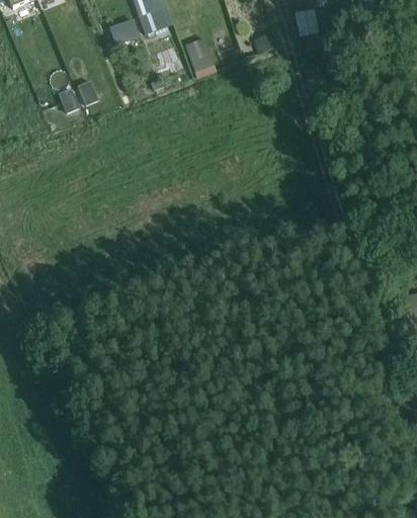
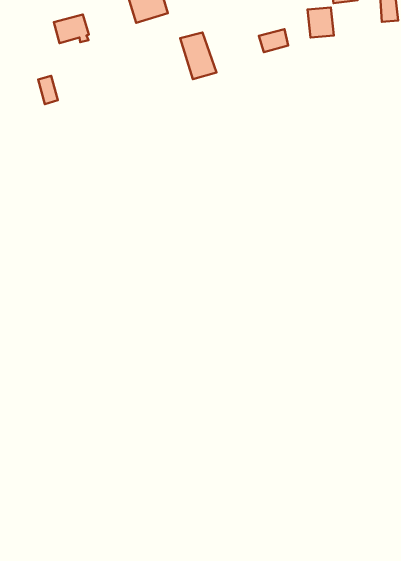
building: [108,18,140,45] -> [54,15,89,43]

